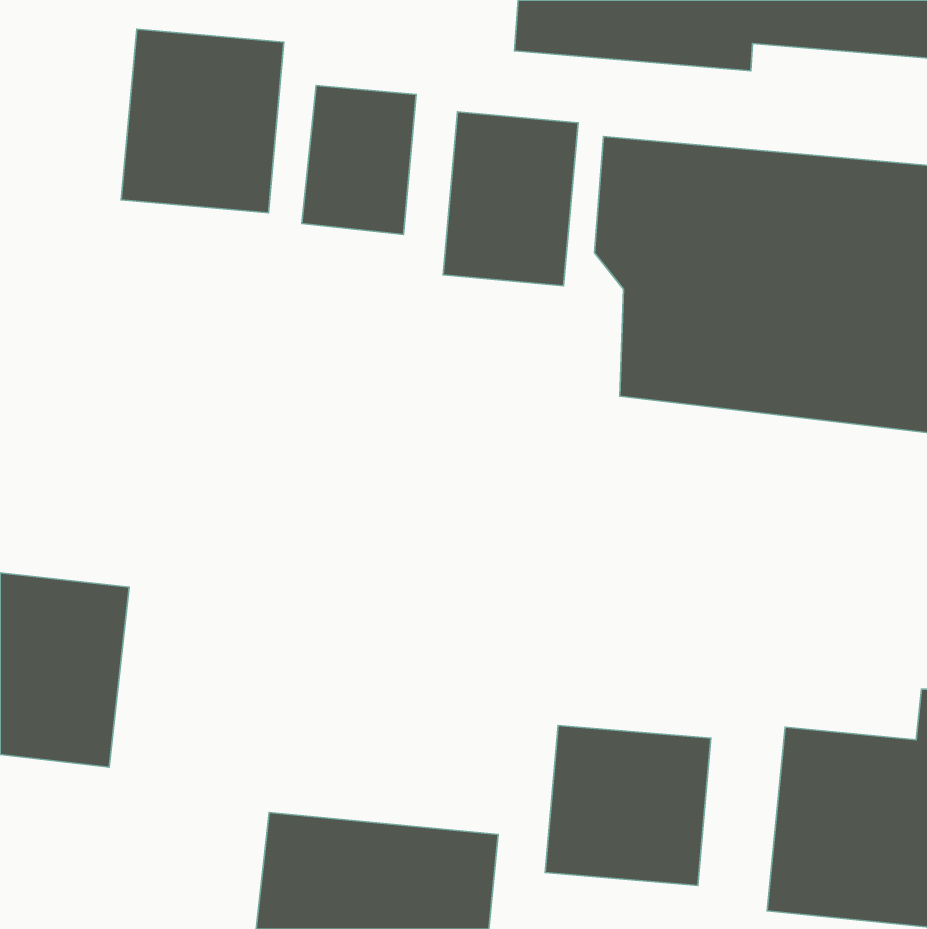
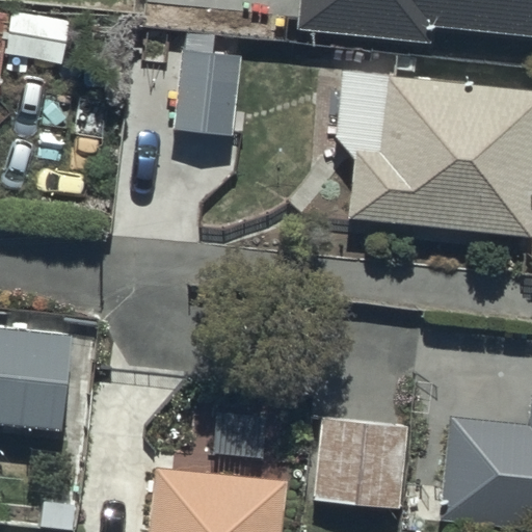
building: [121,29,284,213] -> none
building: [443,112,578,286] -> none

